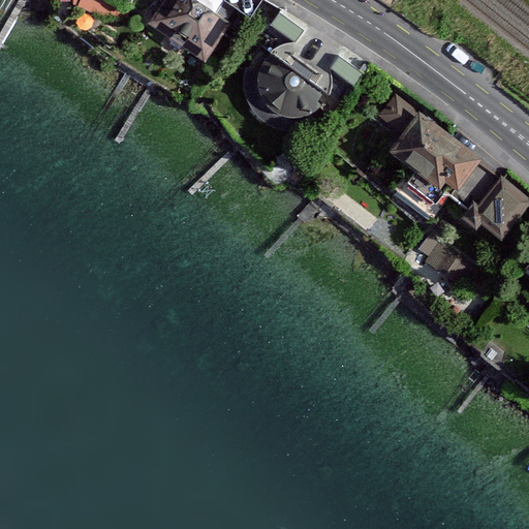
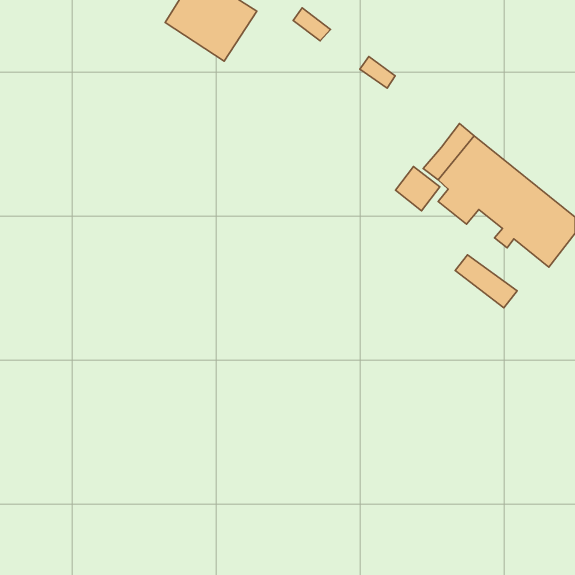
building: [255,46,334,116] -> none
building: [379,94,419,134] -> [396,167,440,211]

